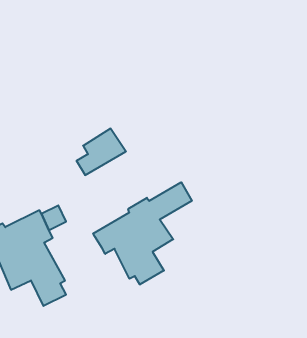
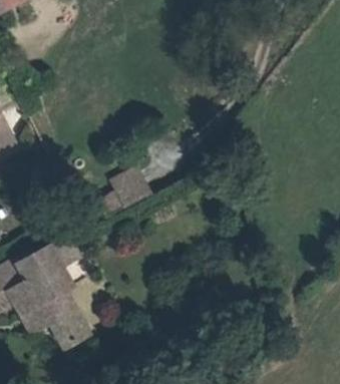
building: [93,182,192,285] -> none

